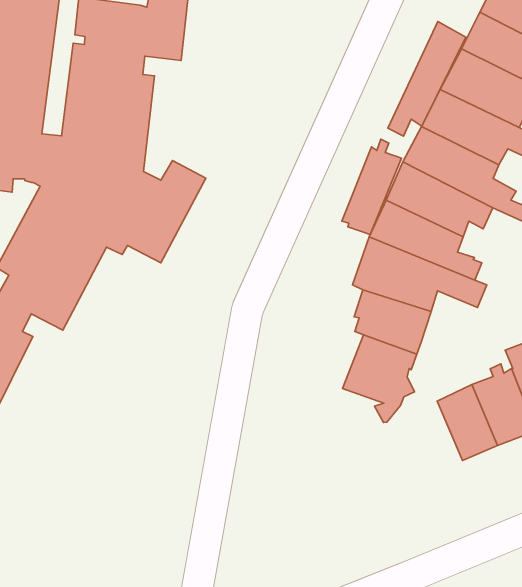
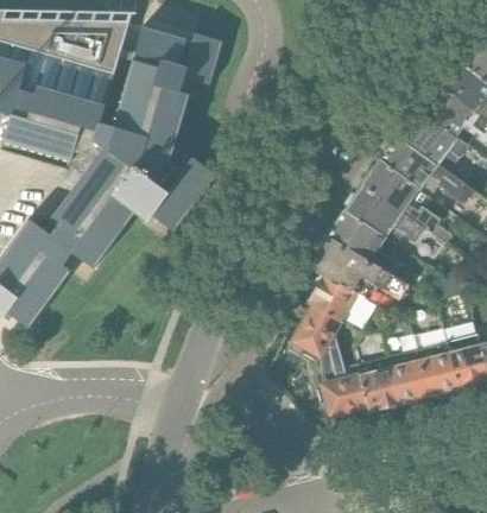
building: [388,22,466,136] -> none
building: [342,139,402,235] -> none
building: none -> [318,362,371,417]

